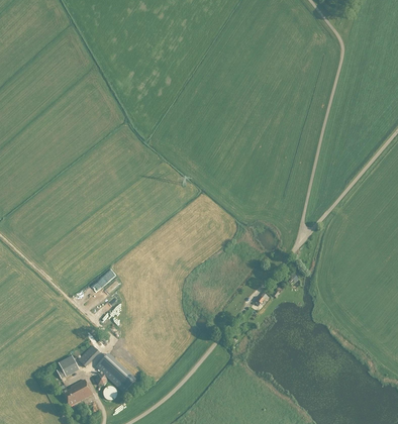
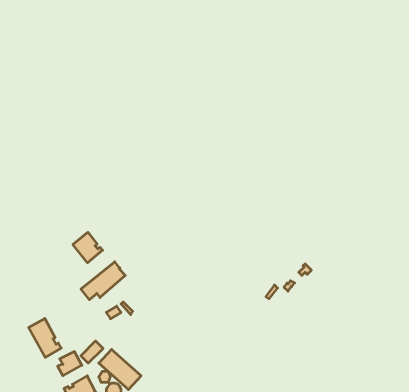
building: none -> [73,232,103,263]
building: none -> [29,318,61,357]

